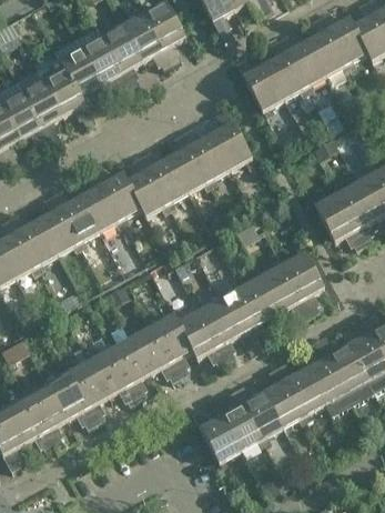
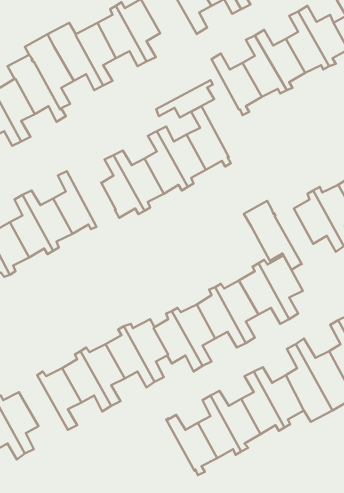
building: none -> [156,80,214,118]
building: [95,164,143,223] -> none
building: none -> [244,201,302,270]
building: [49,368,97,426] -> none

